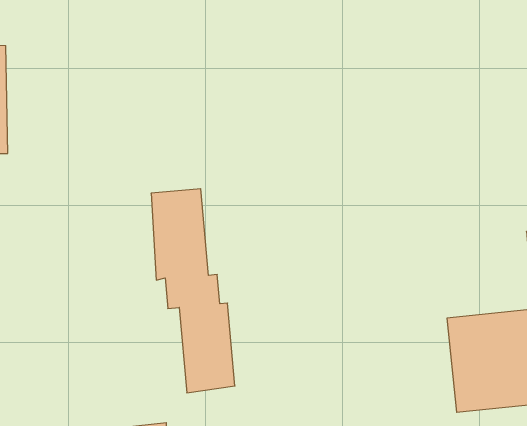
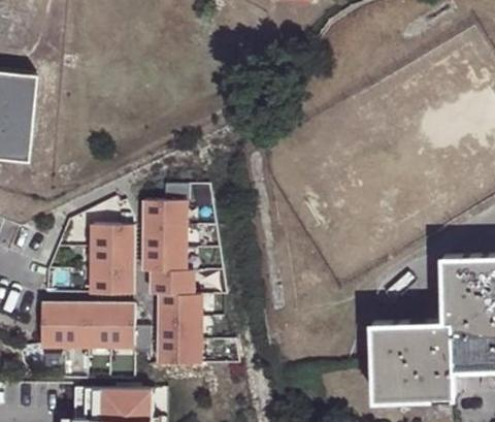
building: none -> [92,227,132,297]
building: none -> [42,307,131,346]

